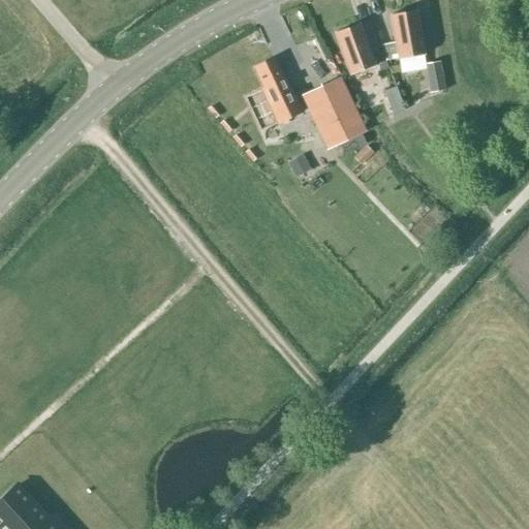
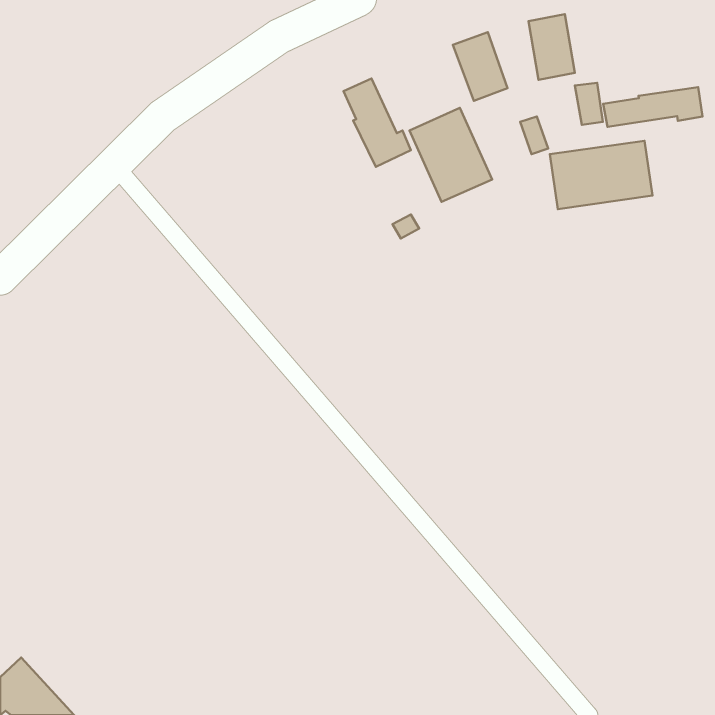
building: none -> [603,87,703,127]
building: none -> [550,141,653,209]

